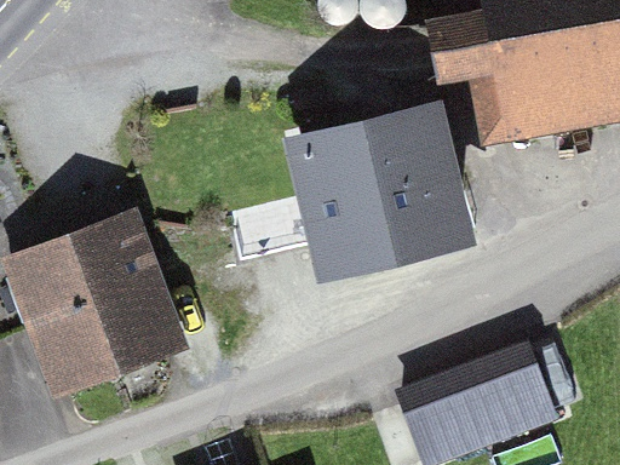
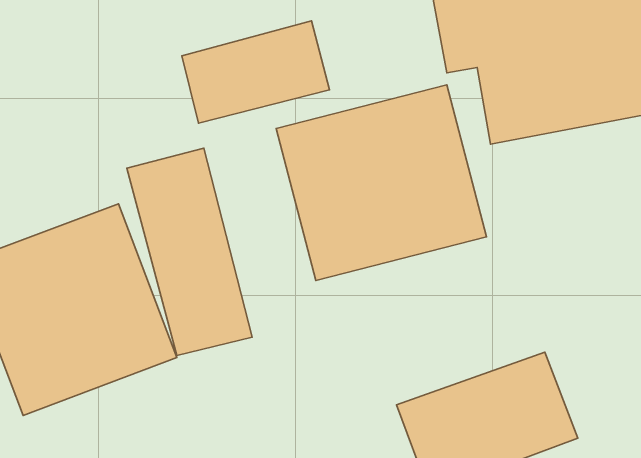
building: none -> [182,21,329,123]
building: none -> [127,148,252,356]

